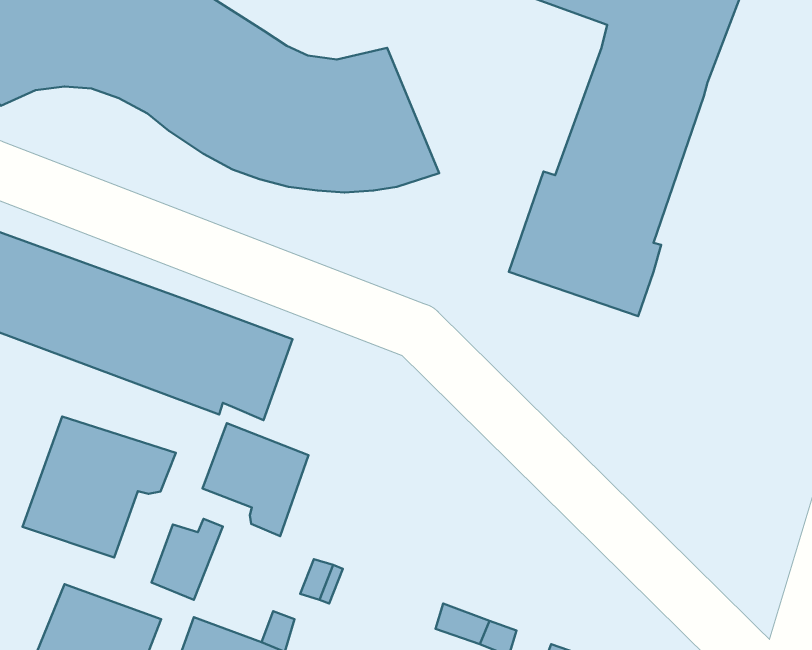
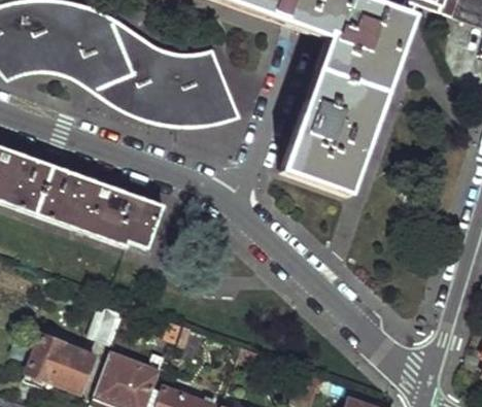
building: [22,417,176,558] -> none
building: [203,423,308,536] -> none

